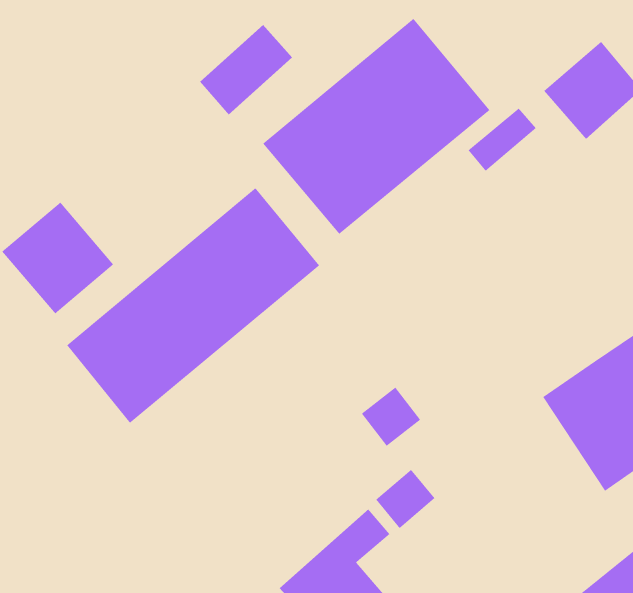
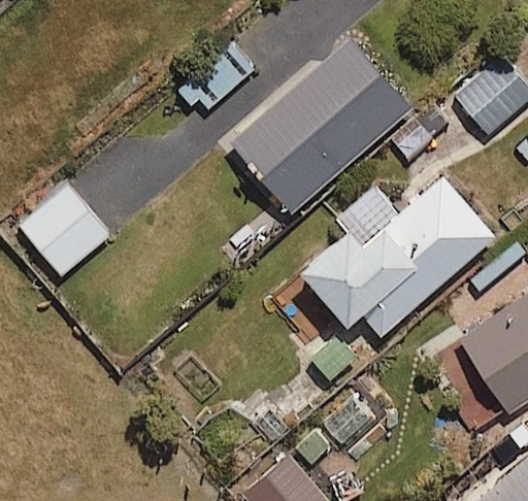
building: none -> [301,173,504,331]
building: [66,187,320,424] -> none

